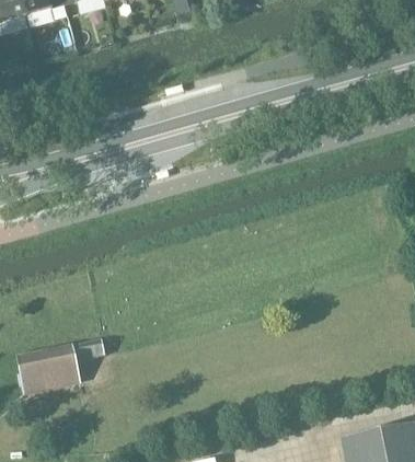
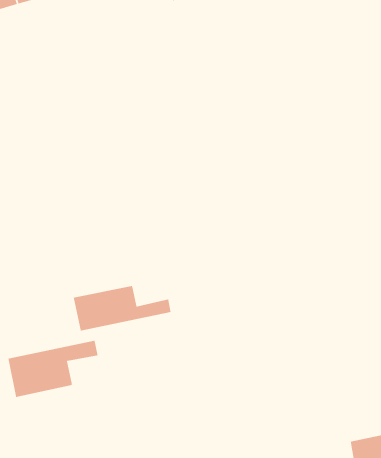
building: none -> [73,285,172,331]

